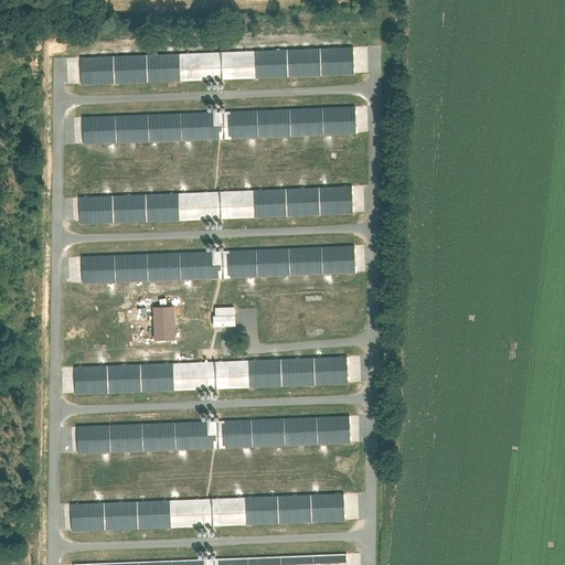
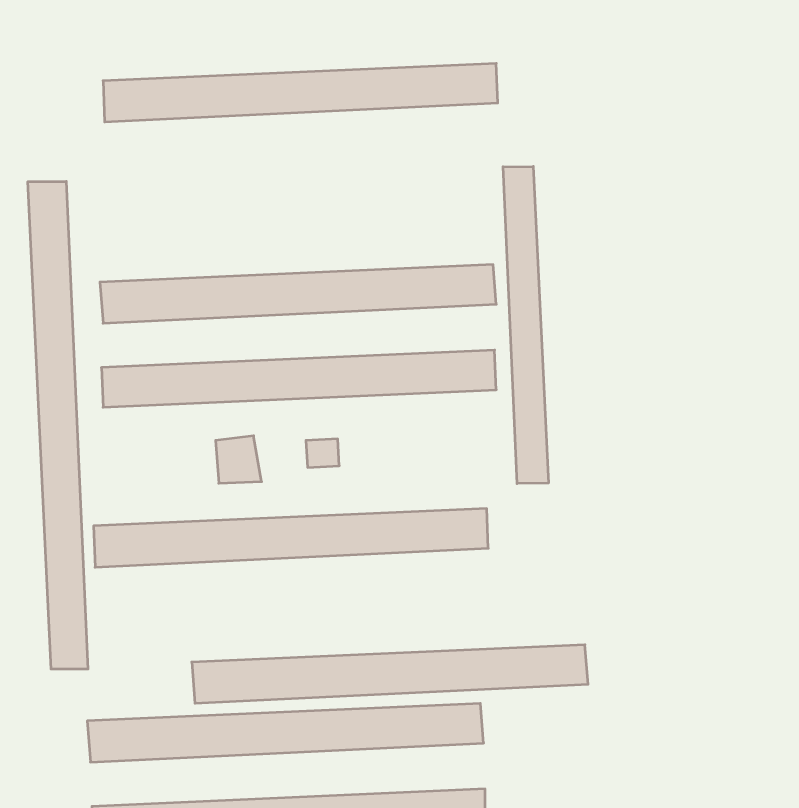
building: [79,105,354,146] -> none
building: none -> [503,166,548,484]
building: none -> [28,181,88,669]
building: [73,415,349,456] -> [192,645,588,703]

